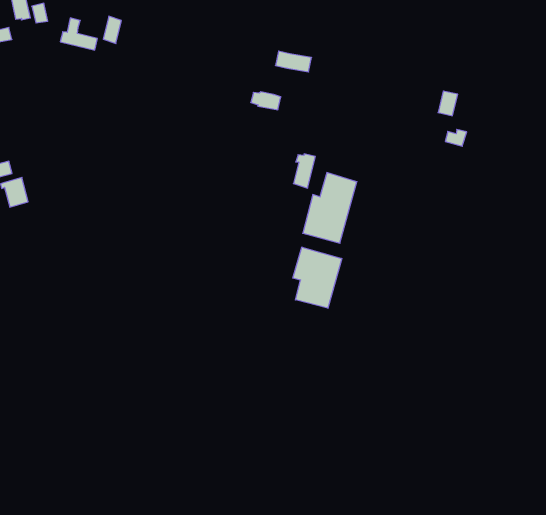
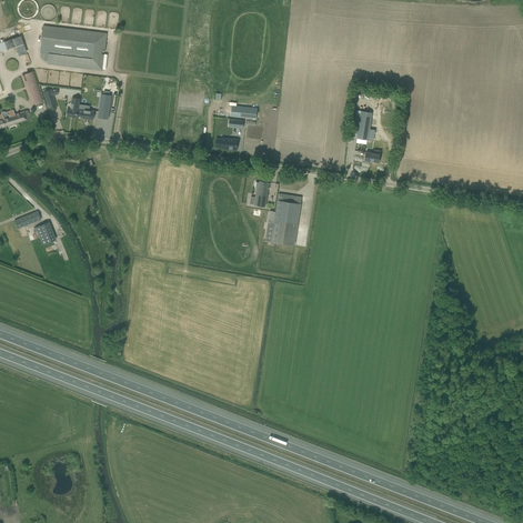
building: [293,247,342,308] -> none

